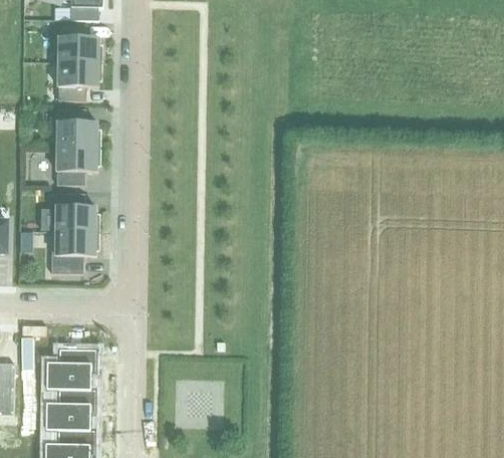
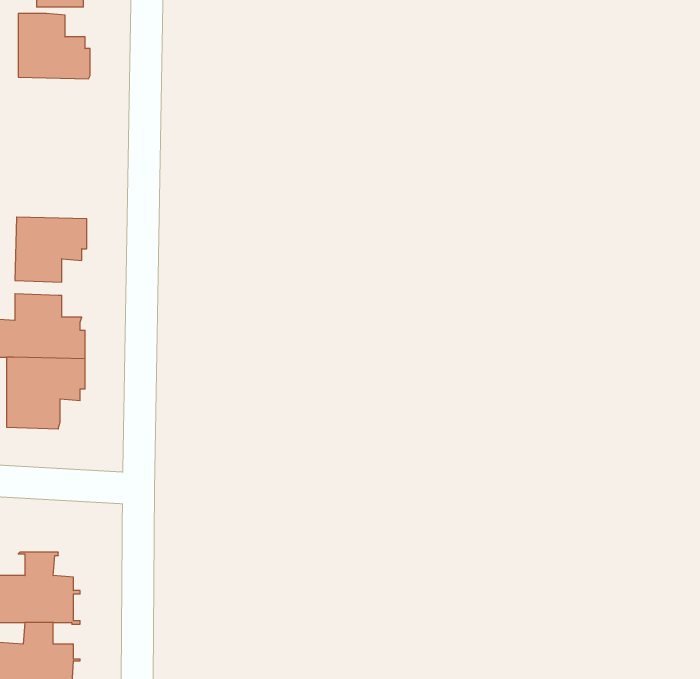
building: [57,62,100,100] -> none
building: [57,108,100,148] -> none

